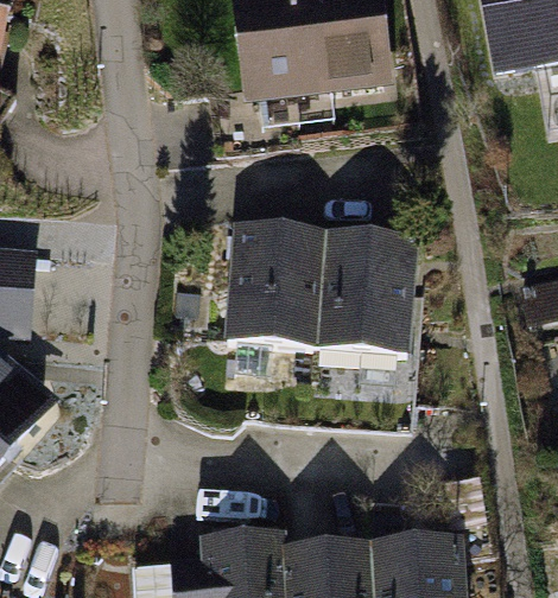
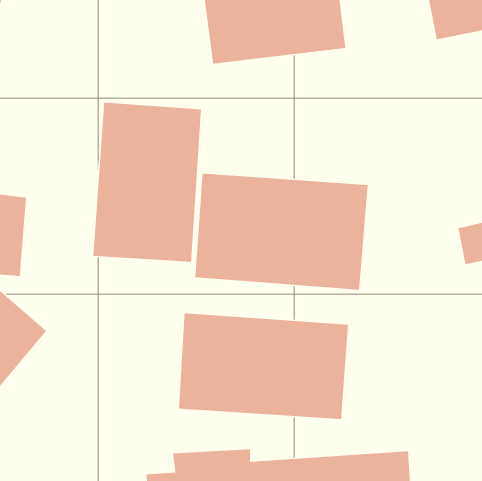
building: none -> [92,102,202,262]
building: none -> [178,312,349,420]

